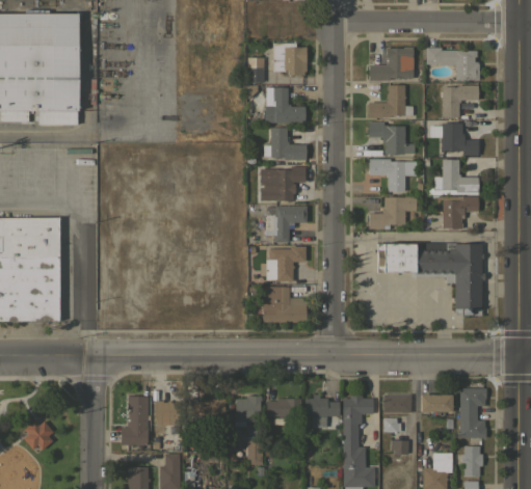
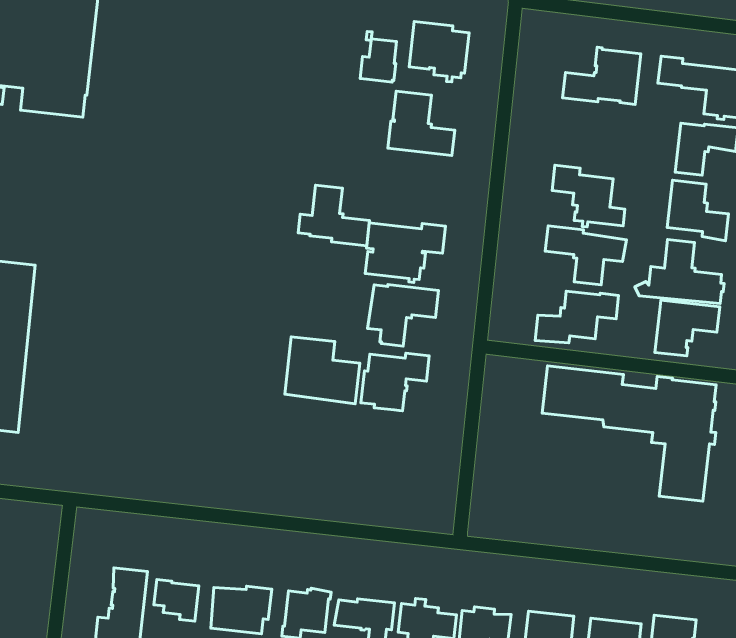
building: [368,85,414,118] -> none
building: [264,127,307,160] -> [298,185,370,246]
building: [263,287,307,323] -> [285,337,360,404]

